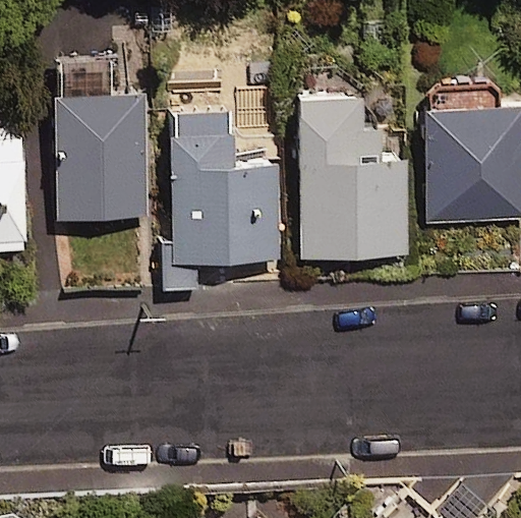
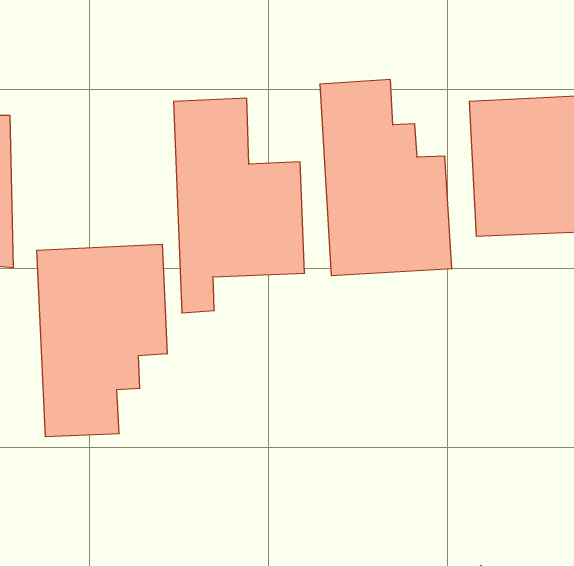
building: [54,92,149,222] -> none
building: none -> [37,244,167,437]

